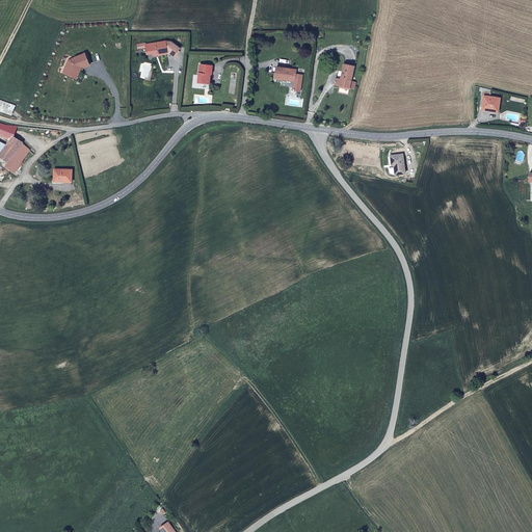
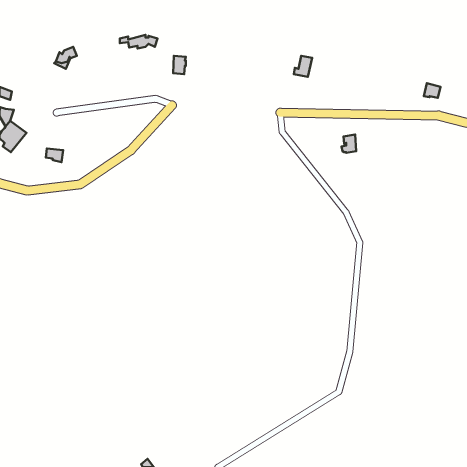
building: [274,65,302,91] -> none

